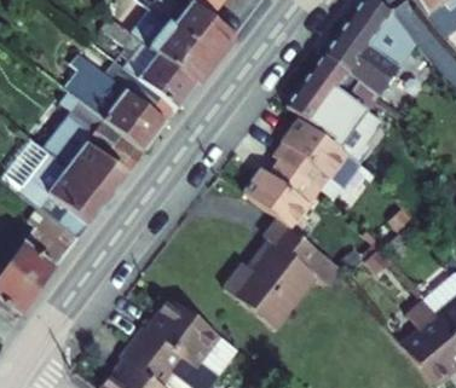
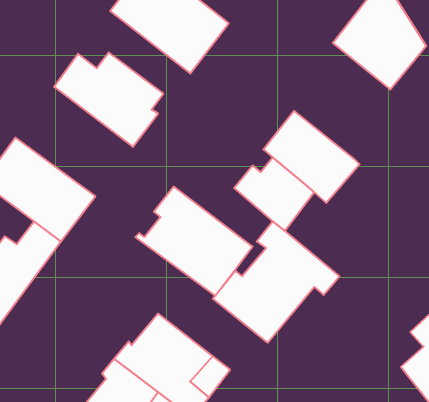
building: [119,22,201,102] -> none
building: [289,51,393,156] -> none
building: [42,91,149,190] -> [135,187,253,296]

